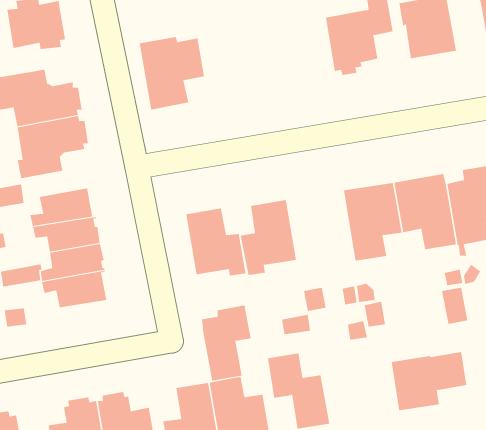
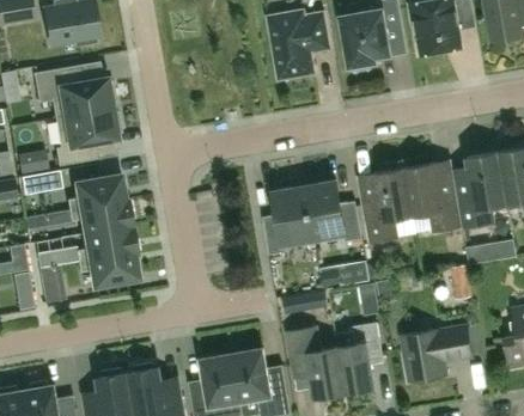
building: [139,37,205,110] -> [267,12,328,80]
building: [185,208,246,276] -> [304,179,360,243]
building: [201,305,252,381] -> [335,323,382,393]

